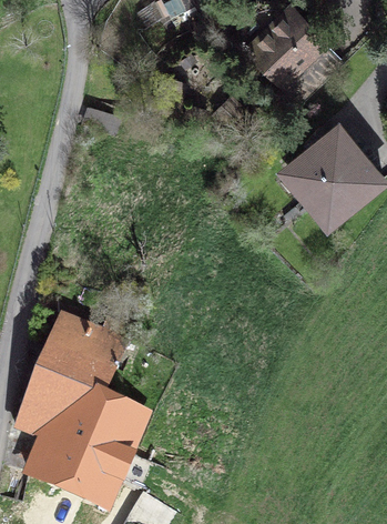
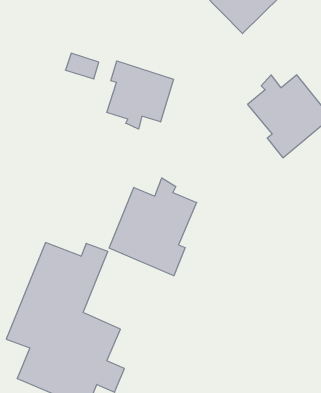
building: none -> [107,61,174,129]
building: none -> [109,178,197,276]

